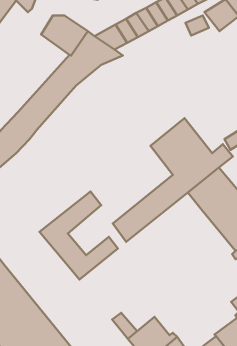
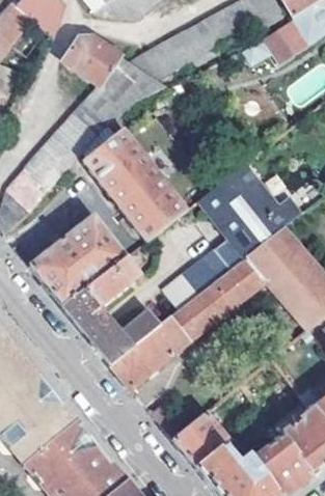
building: none -> [83,127,184,241]
building: none -> [28,216,125,306]
building: none -> [111,257,263,388]

